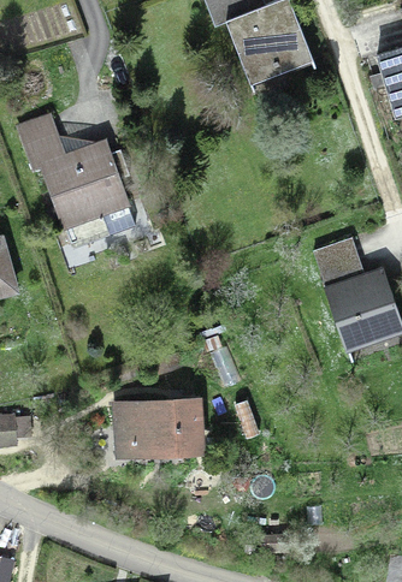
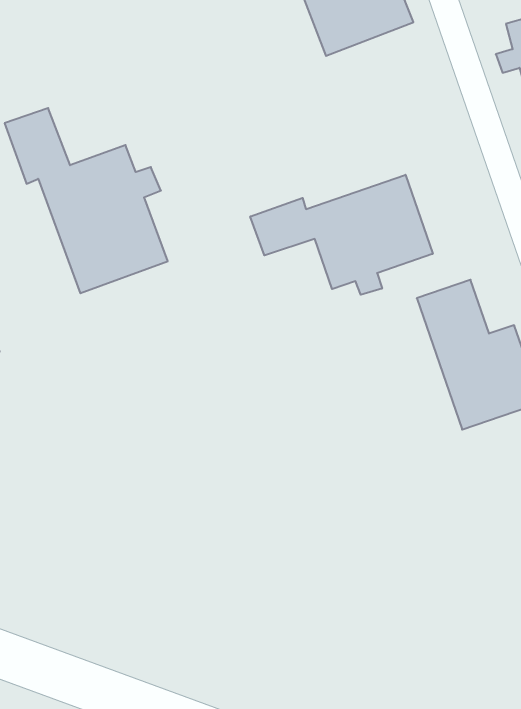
building: none -> [250,175,433,295]
building: [116,402,197,450] -> none

